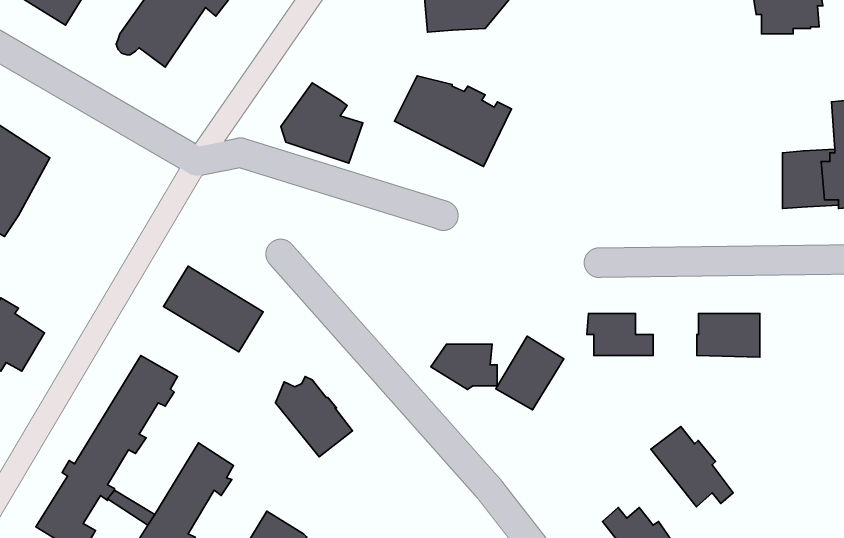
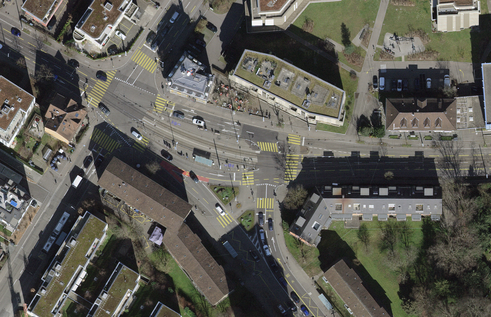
building: none -> [283,70,346,122]
building: none -> [45,94,86,140]
building: none -> [389,100,454,127]
building: none -> [143,186,191,229]
building: none -> [370,187,406,211]
building: [431,344,497,389] -> [308,187,346,213]
building: [651,426,733,507] -> [325,260,372,306]
building: none -> [189,254,234,301]

